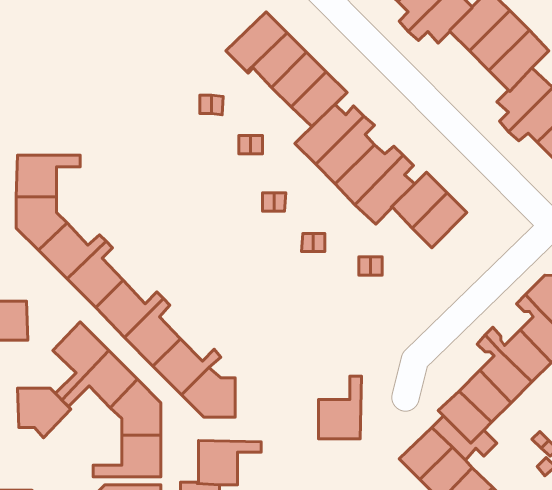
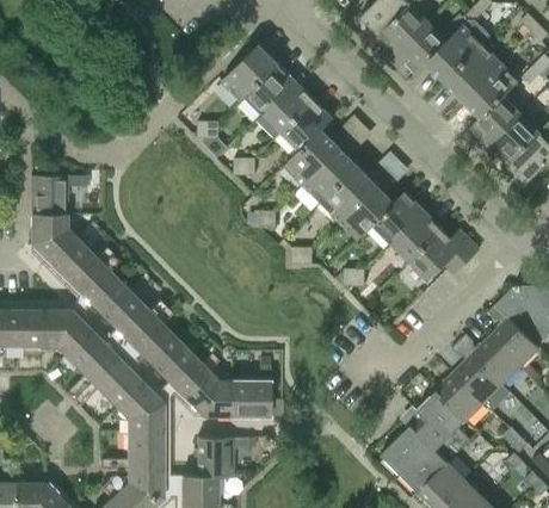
building: none -> [411,229,480,280]
building: [319,376,362,439] -> [230,359,270,416]
building: [17,388,71,438] -> [39,310,88,355]

